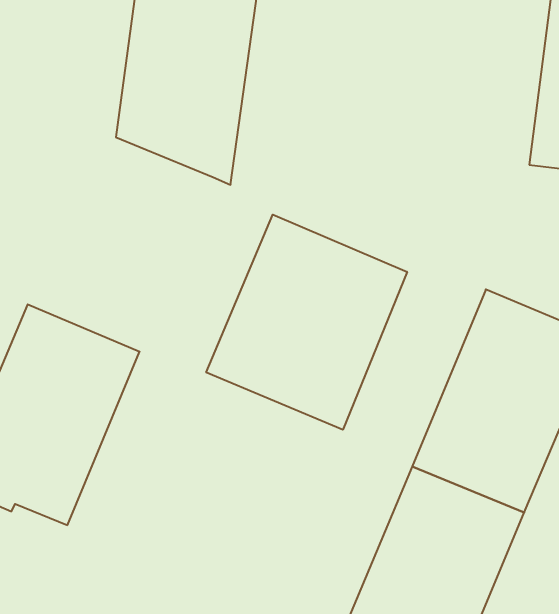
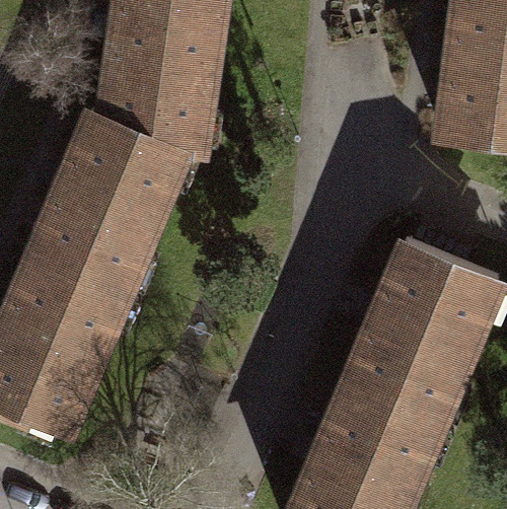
building: none -> [34,108,186,288]
building: [206,215,407,430] -> none

